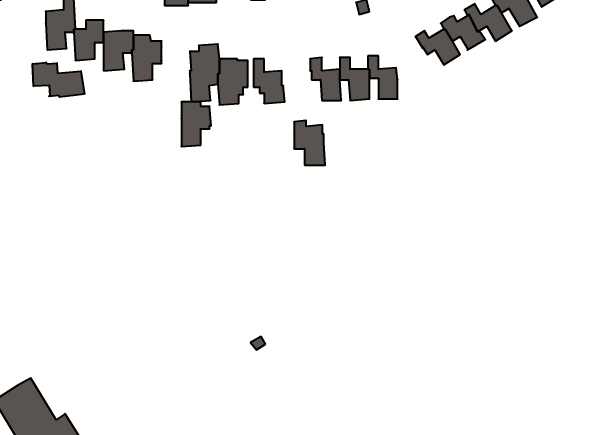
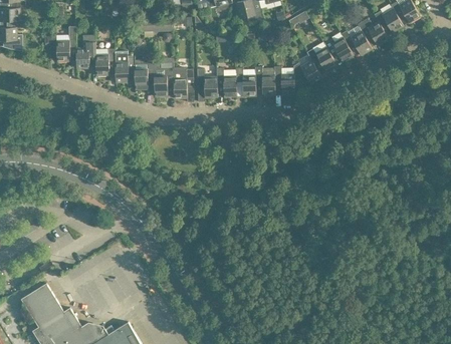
building: none -> [292,59,320,84]
building: [33,62,84,97] -> none
building: [181,102,211,147] -> [134,59,154,89]
building: [294,120,325,165] -> [215,66,236,96]

